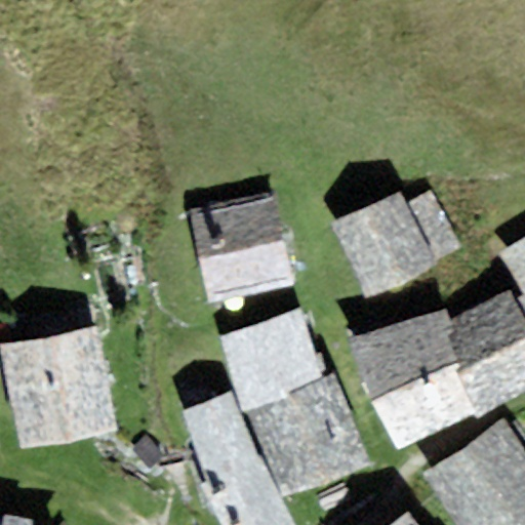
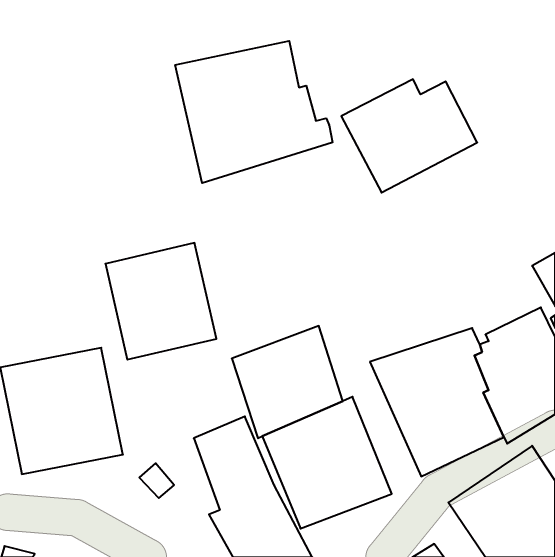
building: none -> [175,41,333,183]
building: [330,190,458,296] -> [341,79,477,193]
building: [191,192,295,301] -> [105,243,216,360]

